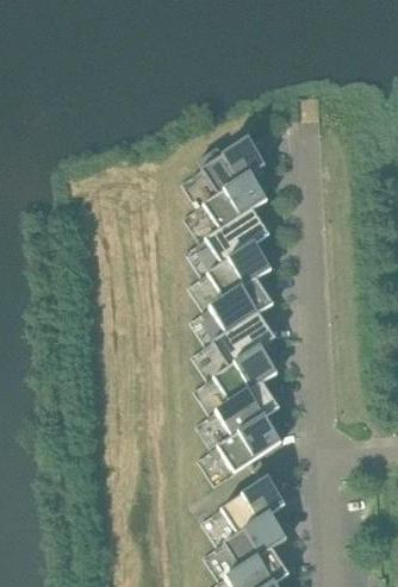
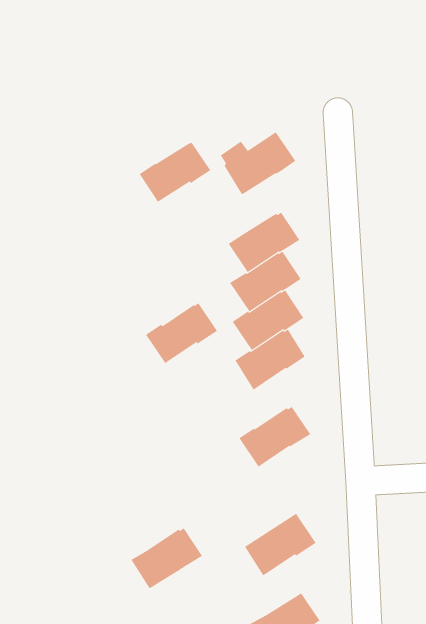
building: [203,174,267,227] -> [139,142,211,202]
building: [212,346,276,401] -> [145,303,218,364]
building: [216,416,280,472] -> none
building: [222,512,286,567] -> [130,528,203,589]

